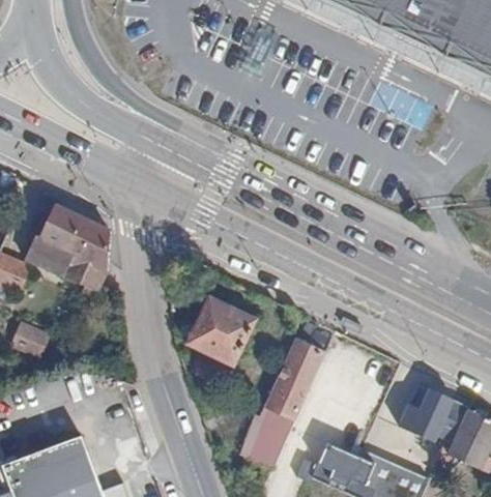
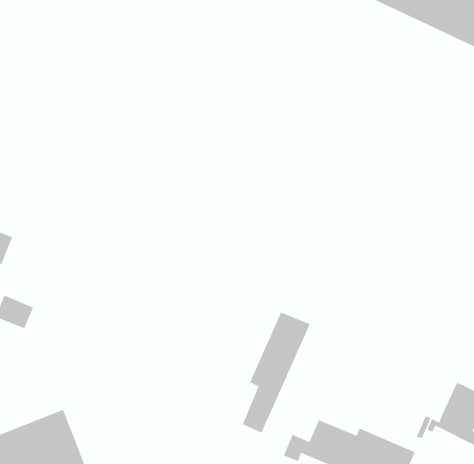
building: [24,204,109,299] -> none
building: [185,297,255,366] -> none
building: [397,382,467,439] -> none

